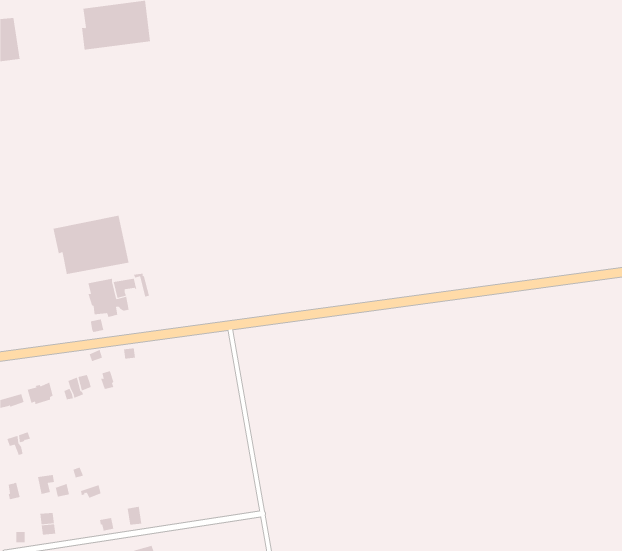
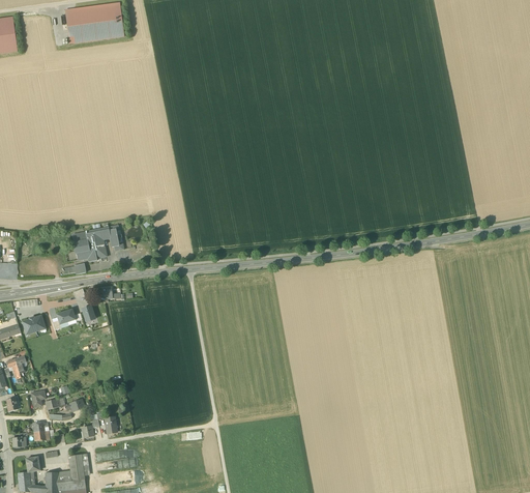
building: [53,215,129,275] -> none

